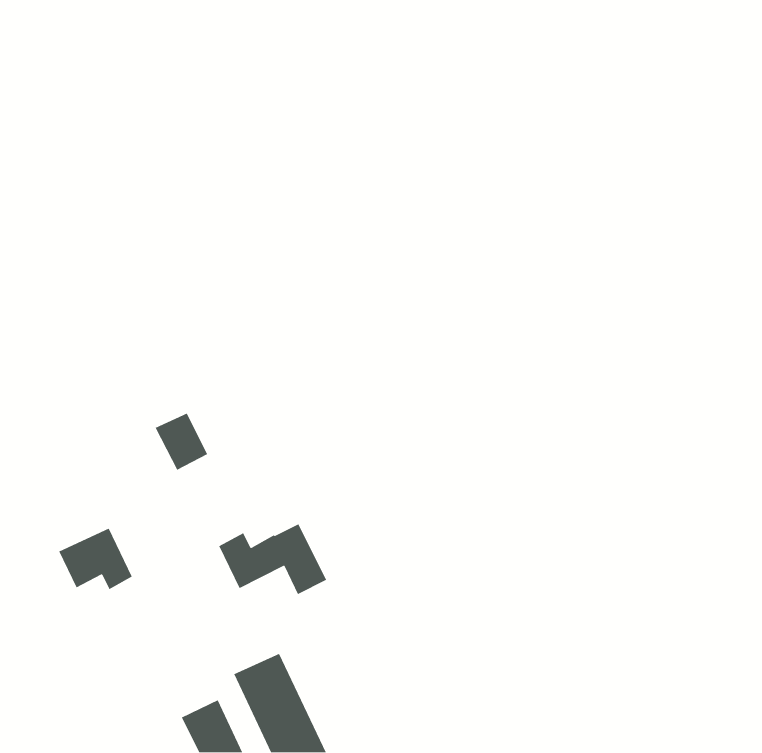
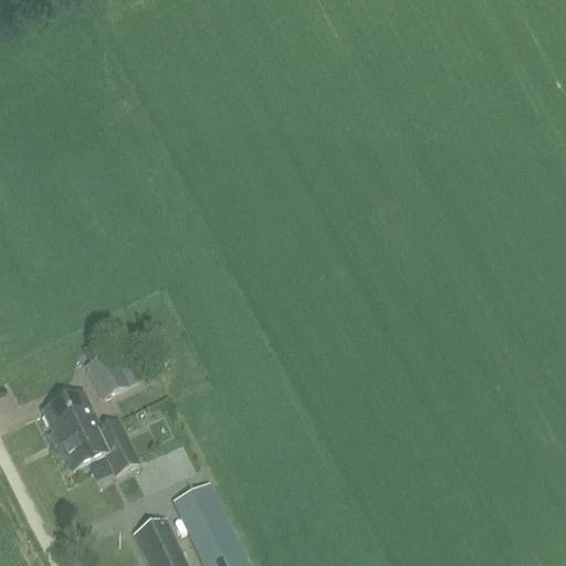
building: [154,413,208,471] -> [86,353,126,396]
building: [218,523,327,595] -> [56,419,137,472]

